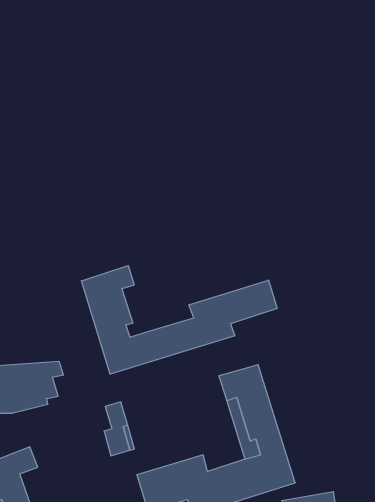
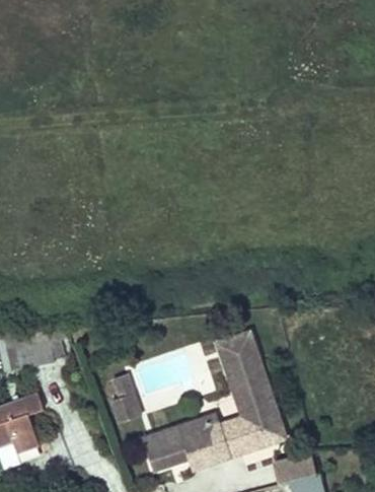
building: [81,266,277,374] -> none

